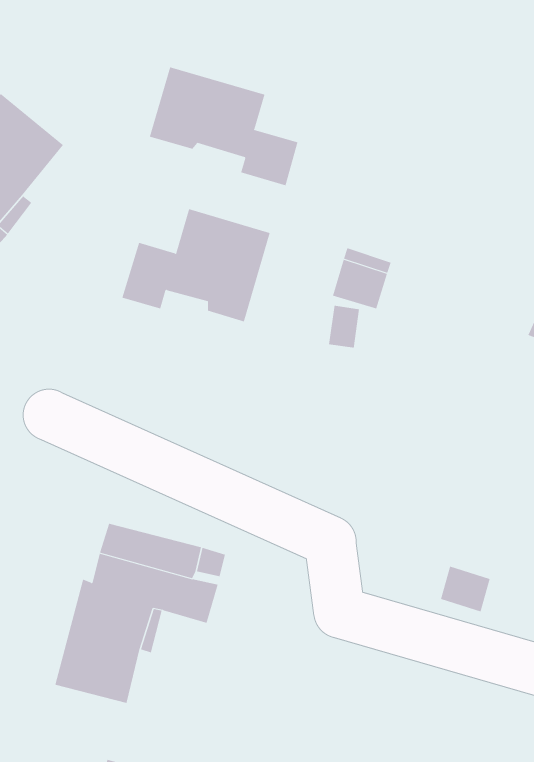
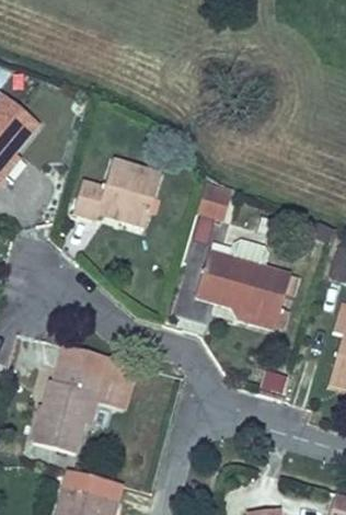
building: [149,67,298,186] -> none
building: none -> [196,251,300,320]

